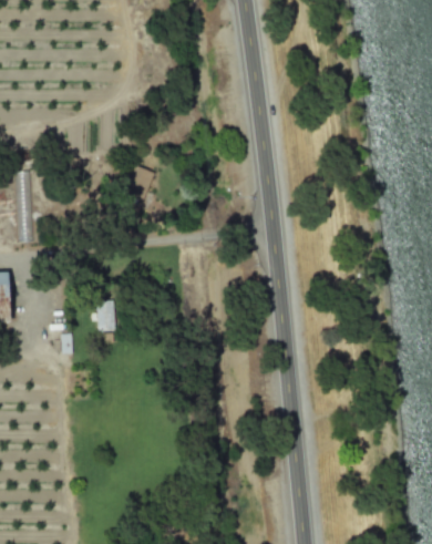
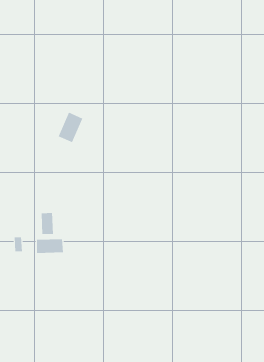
building: none -> [36,238,64,254]

